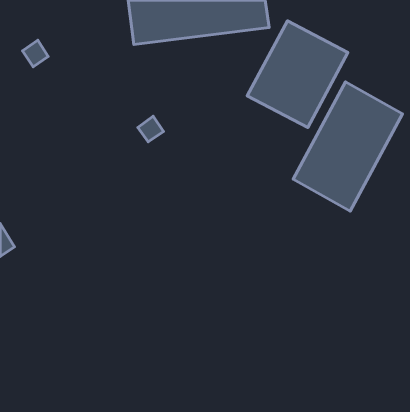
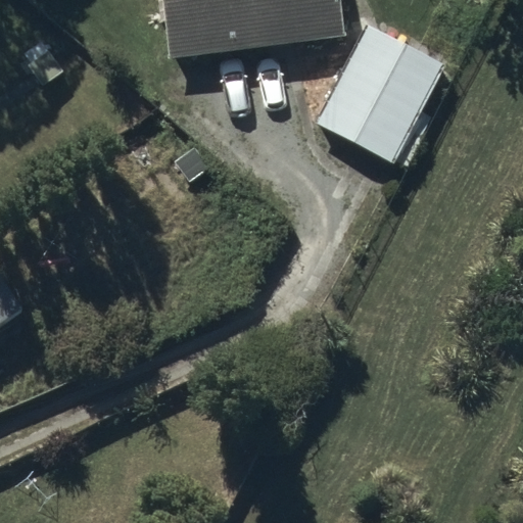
building: [293,82,402,211] -> none

